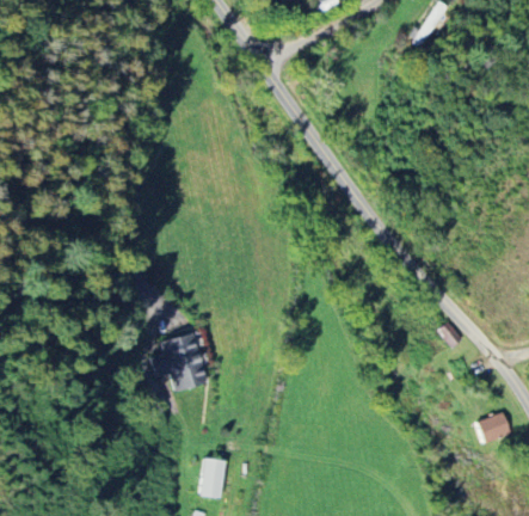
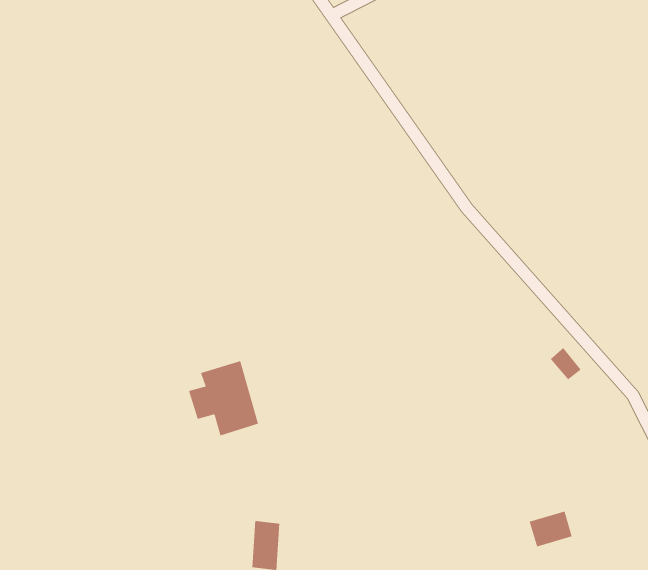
building: [476,412,511,441] -> [529,511,573,547]

